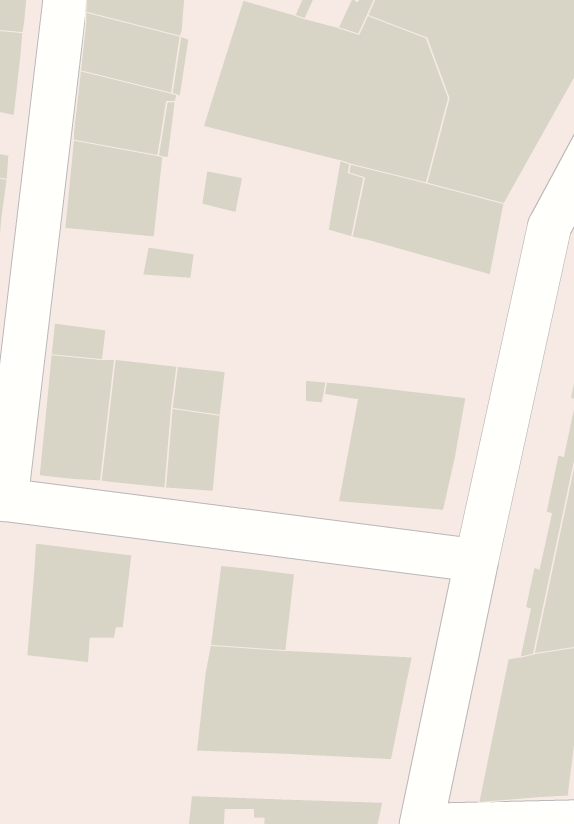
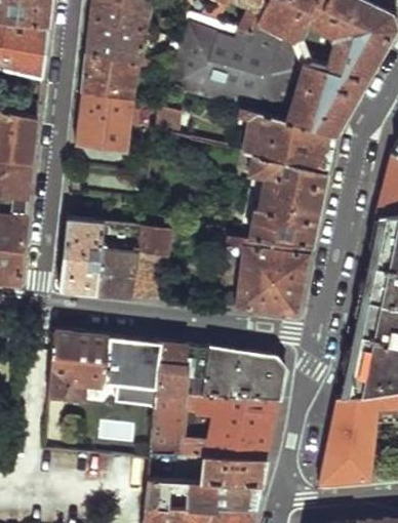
building: none -> [249,152,326,245]
building: none -> [109,338,166,408]
building: none -> [205,350,288,399]
building: none -> [203,456,268,485]

